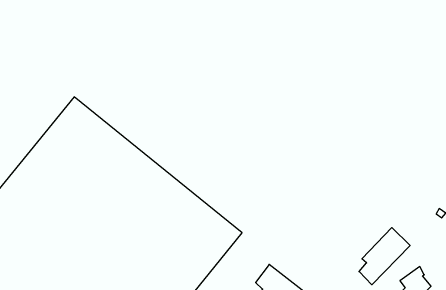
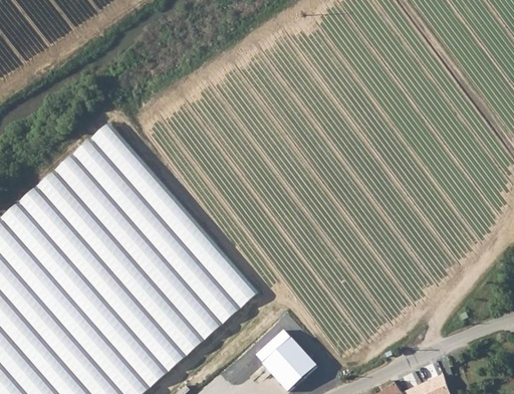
building: [359,228,410,285] -> none

